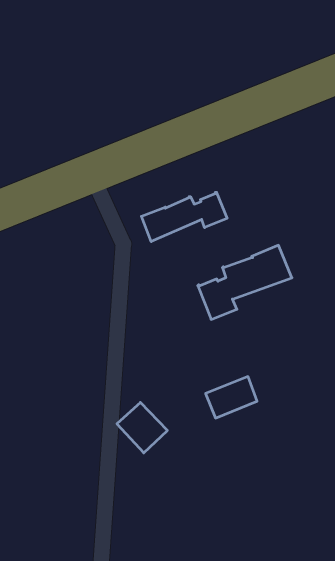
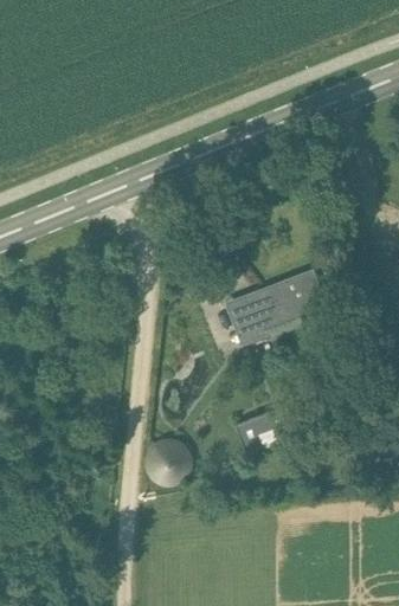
building: [141,192,227,242] -> none

